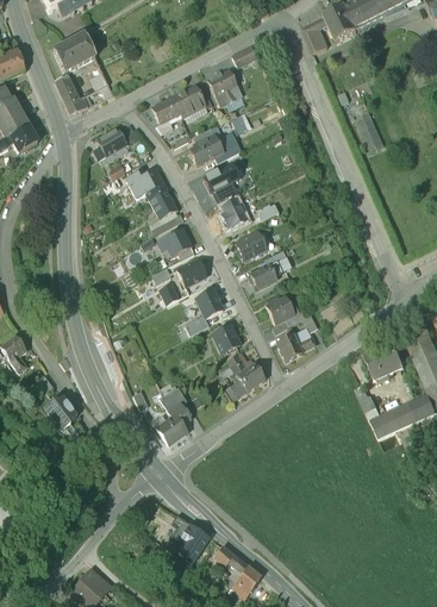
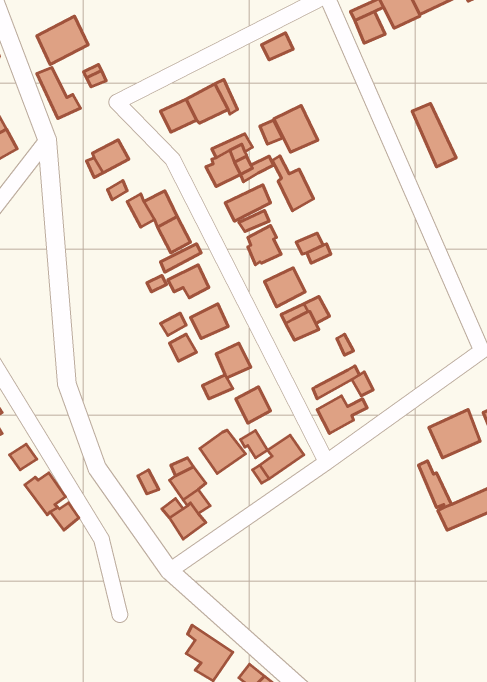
building: [207,69,242,106] -> [274,105,318,152]
building: none -> [272,156,314,211]
building: [264,296,299,325] -> none
building: none -> [200,430,245,473]

